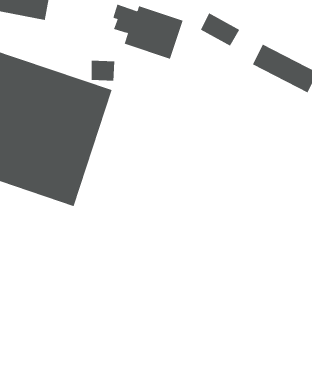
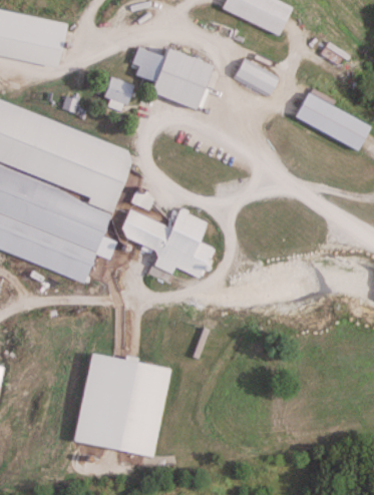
building: [91,60,115,81] -> [104,79,132,103]
building: none -> [117,207,217,282]
building: none -> [81,351,175,454]

